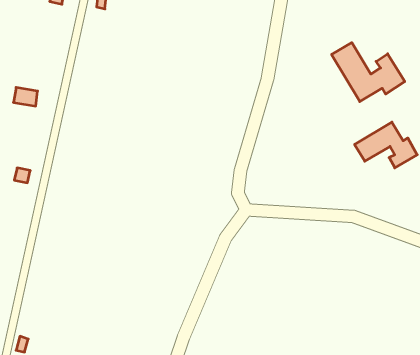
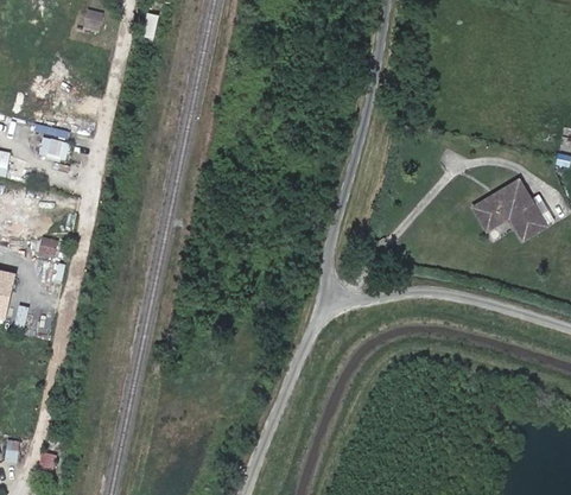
building: [332,43,405,102] -> none

